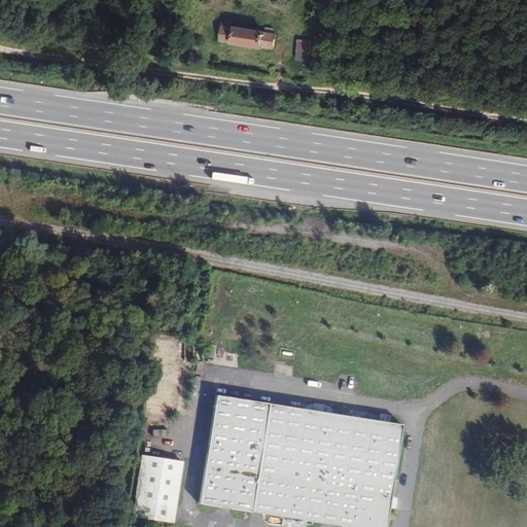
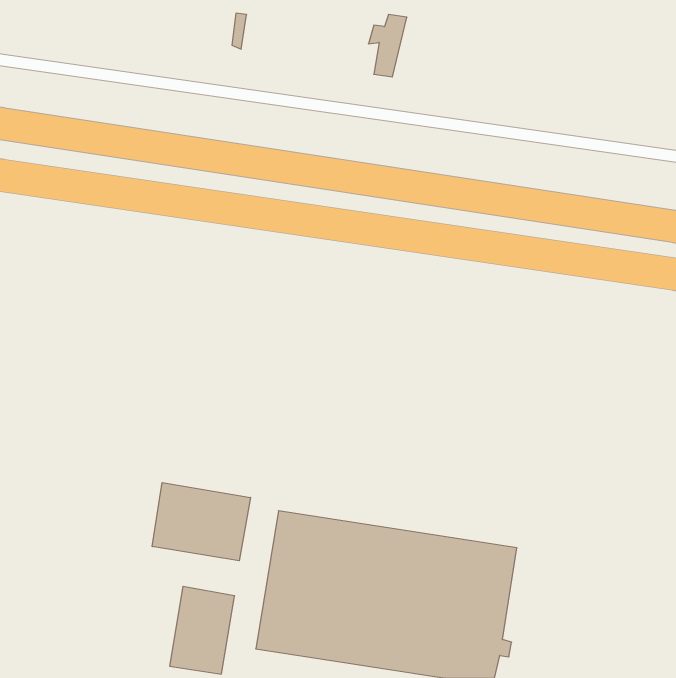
building: [221,21,277,45] -> none
building: none -> [152,483,251,561]

